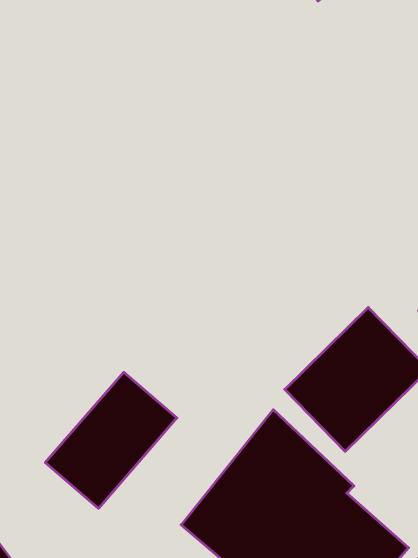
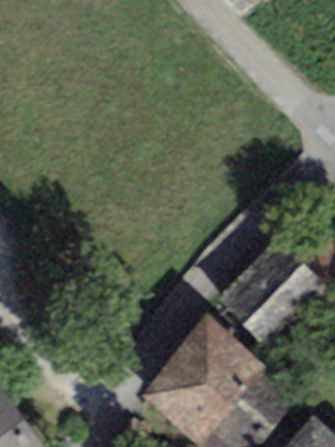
building: [45,372,177,508] -> none

